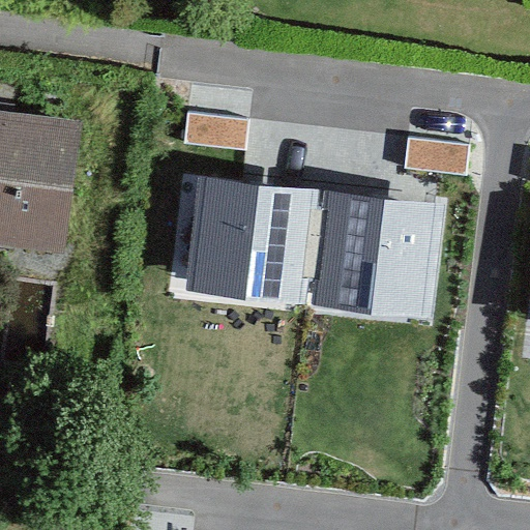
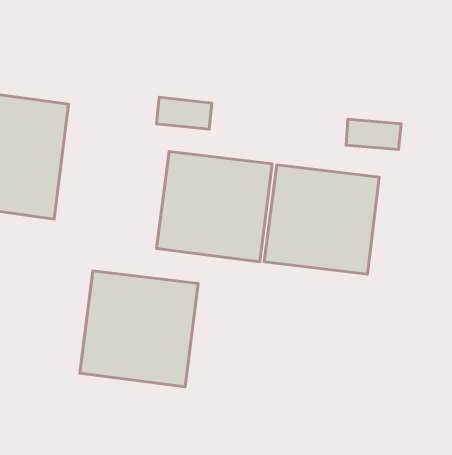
building: none -> [80,271,198,387]

